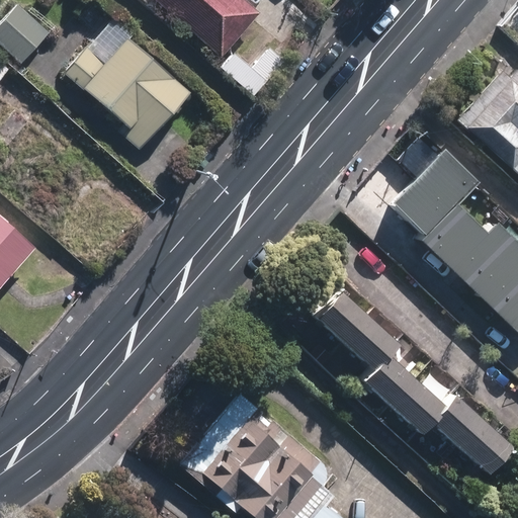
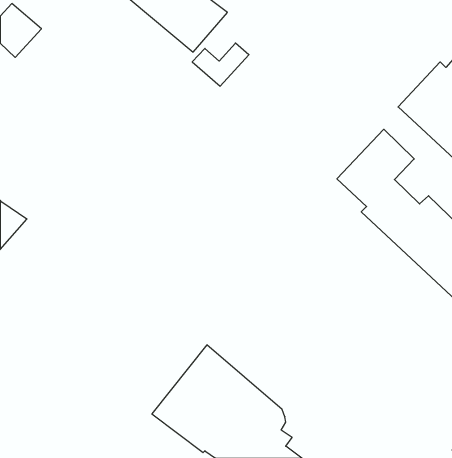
building: [68,18,191,151] -> none
building: [301,279,510,470] -> none

